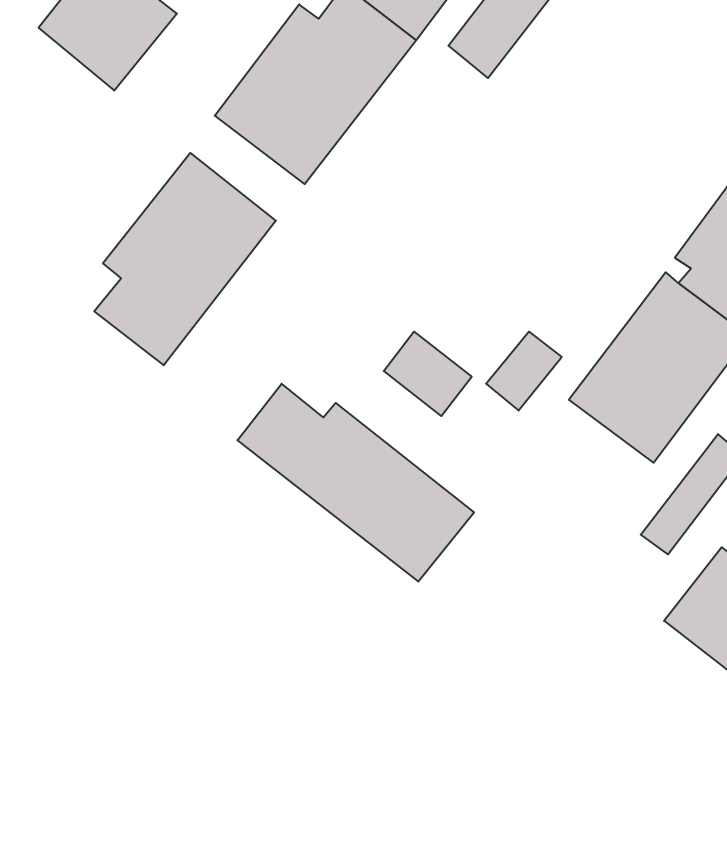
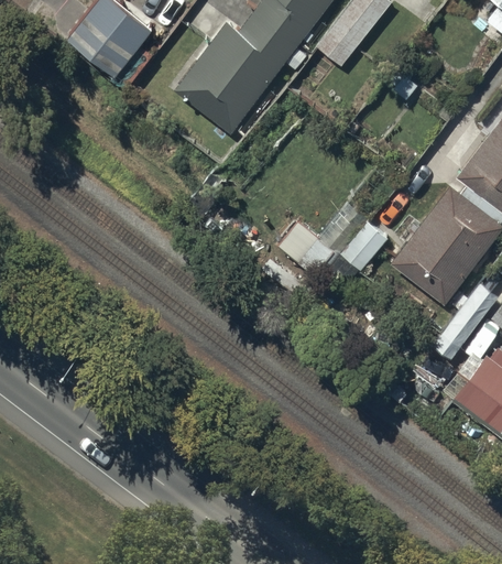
building: [94,153,276,365] -> none
building: [237,384,474,582] -> none

